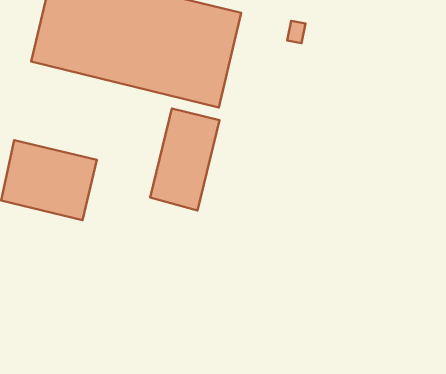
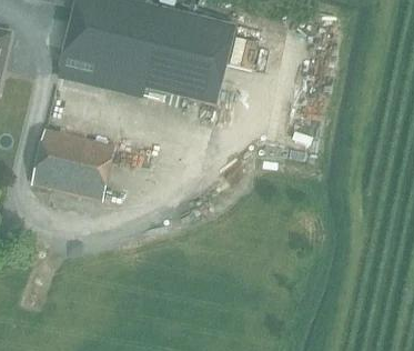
building: [150,109,219,210] -> none

